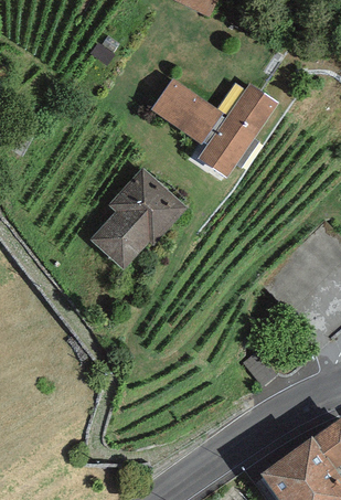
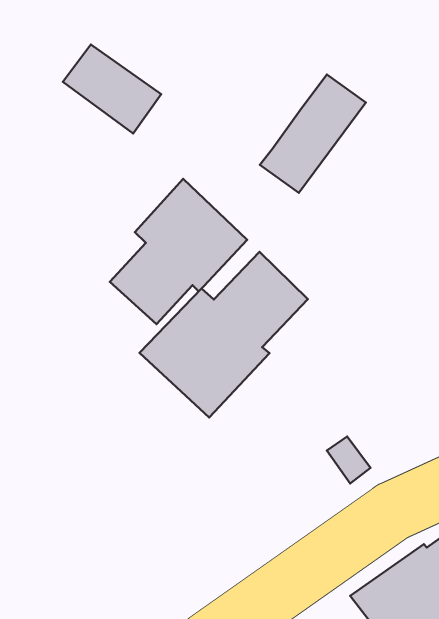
building: [154,84,224,147] -> [63,44,161,133]
building: none -> [139,252,308,417]

